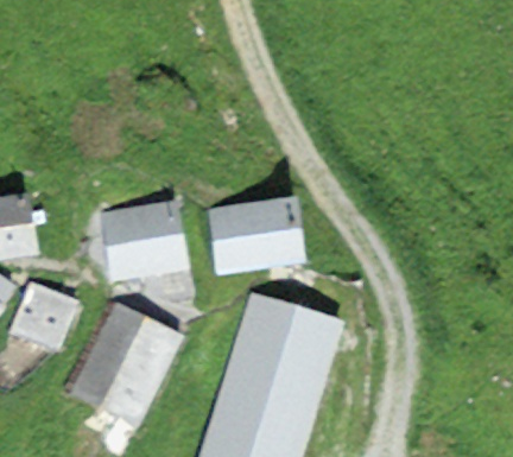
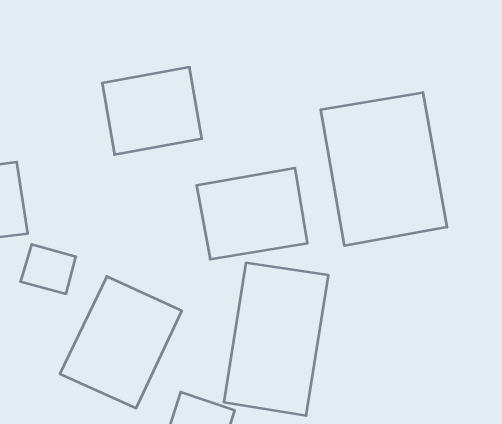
building: none -> [321,92,447,246]
building: [94,198,190,283] -> [102,67,202,155]

